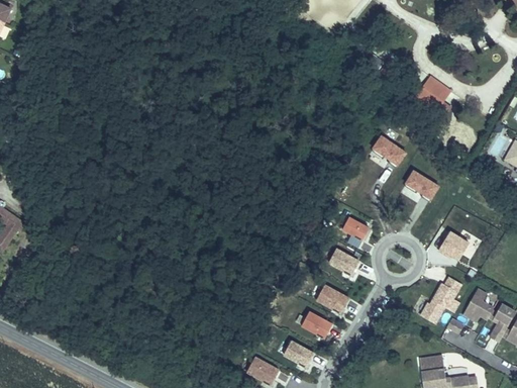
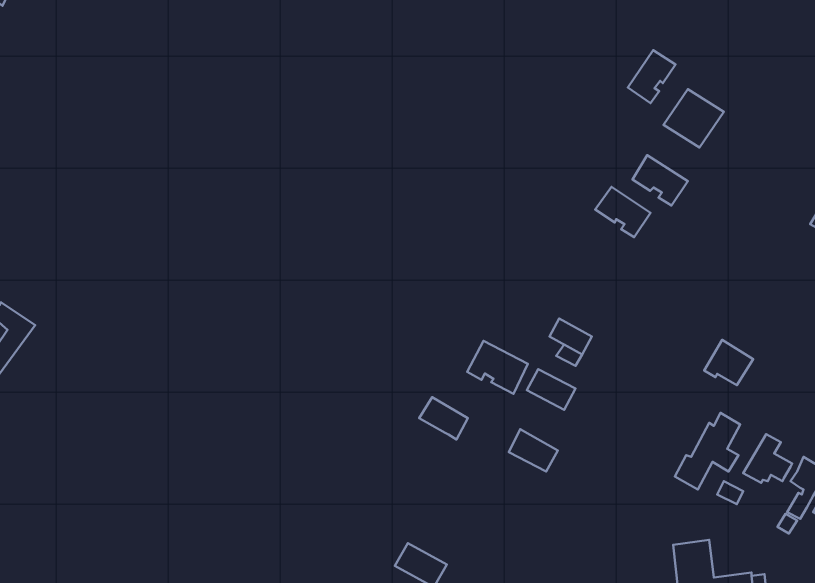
building: none -> [628,50,675,103]
building: [405,170,439,201] -> [632,155,688,206]
building: none -> [467,341,528,394]
building: [302,311,332,337] -> [419,397,468,439]
building: [285,341,315,366] -> none

